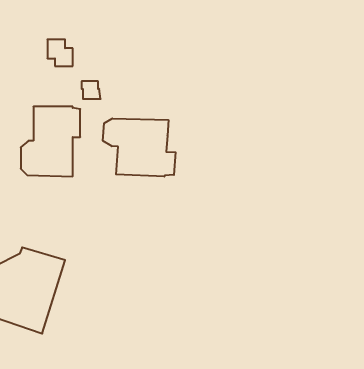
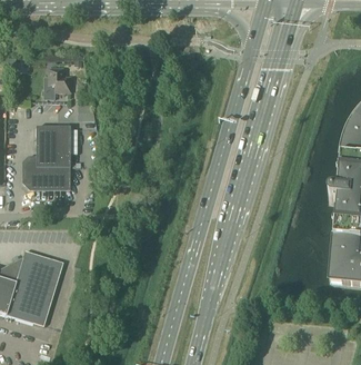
building: [103,118,176,177] -> none

